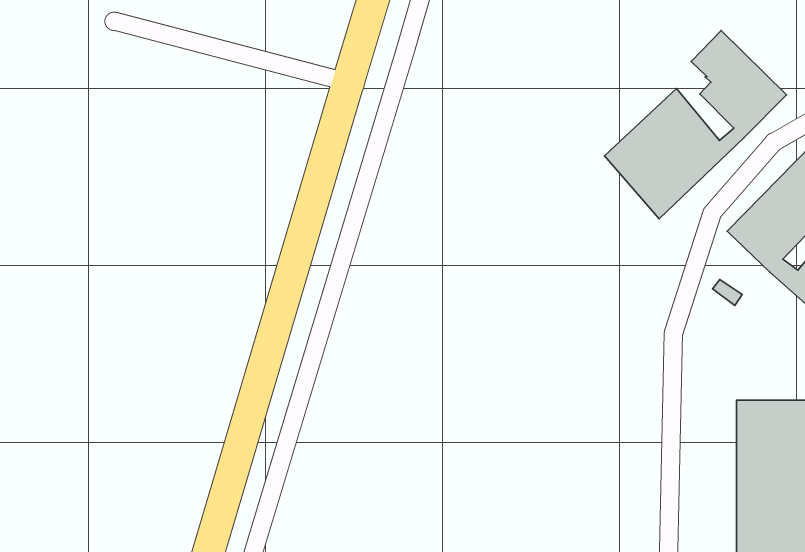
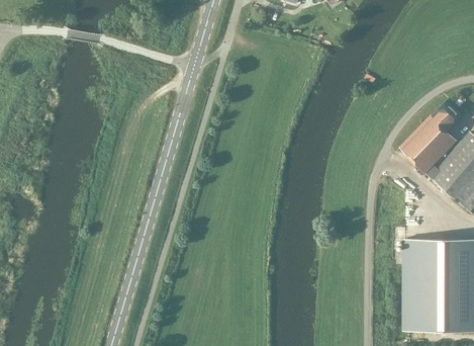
building: [605,31,787,219] -> none

